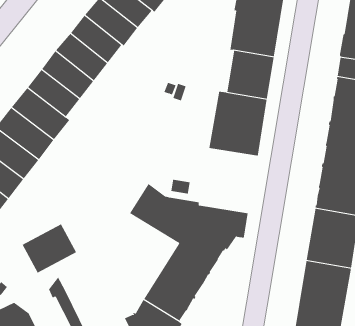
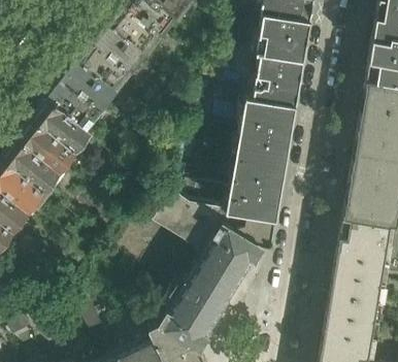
building: none -> [226,156,287,223]
building: [22,224,77,274] -> none

